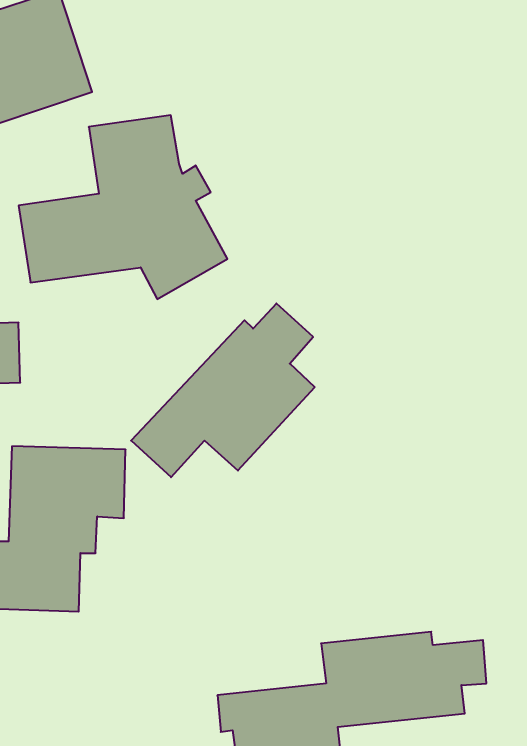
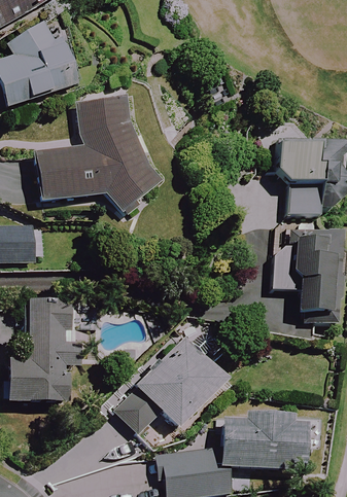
building: none -> [277,138,342,215]
building: [131,303,315,477] -> [113,326,227,433]
building: none -> [273,228,342,324]

